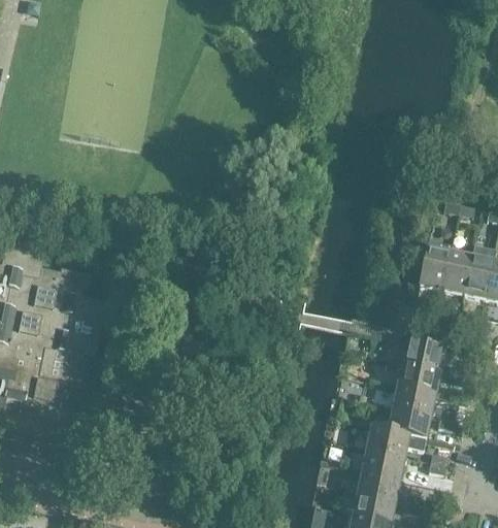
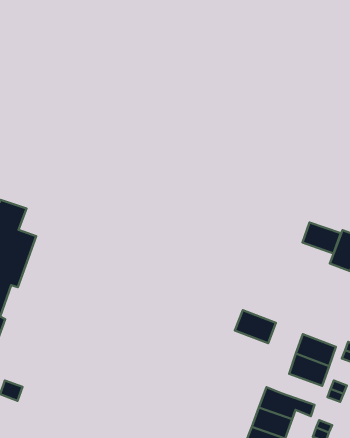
building: none -> [303,222,341,253]
building: [402,339,444,370] -> [235,310,276,343]
building: [389,406,431,435] -> none

